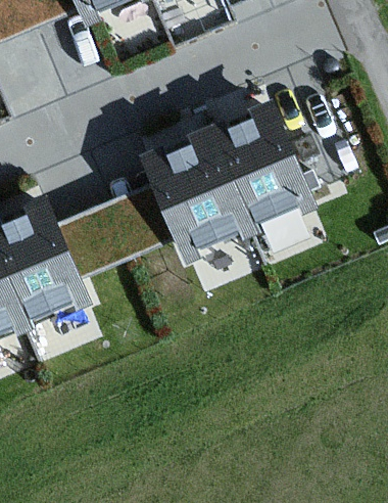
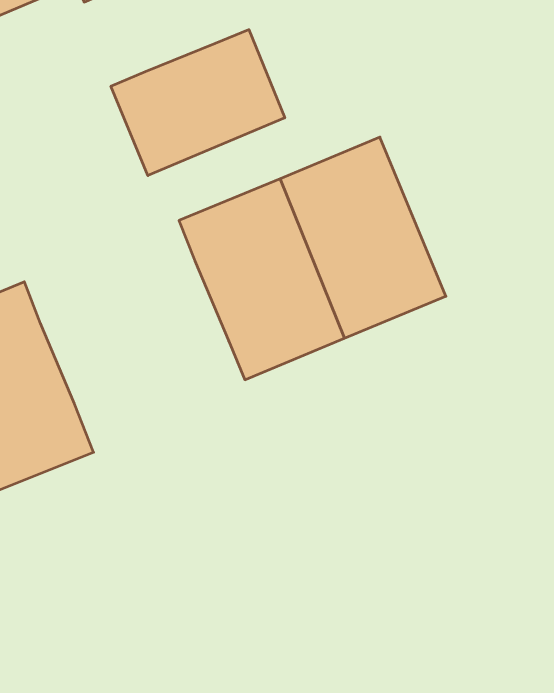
building: none -> [111,30,285,176]
building: [58,183,178,274] -> none

